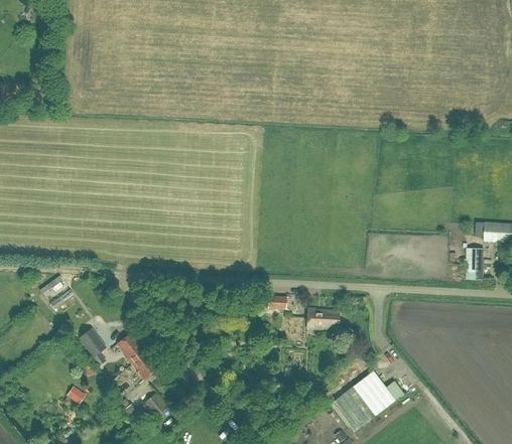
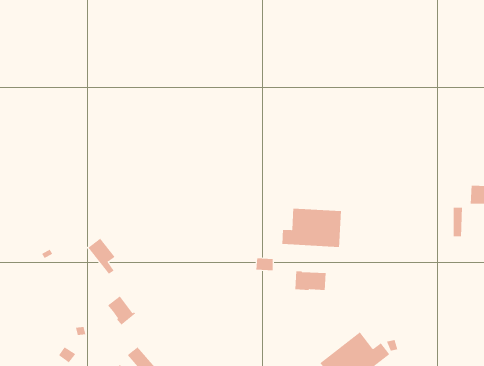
building: none -> [282,208,341,248]
building: [78,327,106,364] -> [87,238,115,275]
building: [131,352,158,380] -> none

